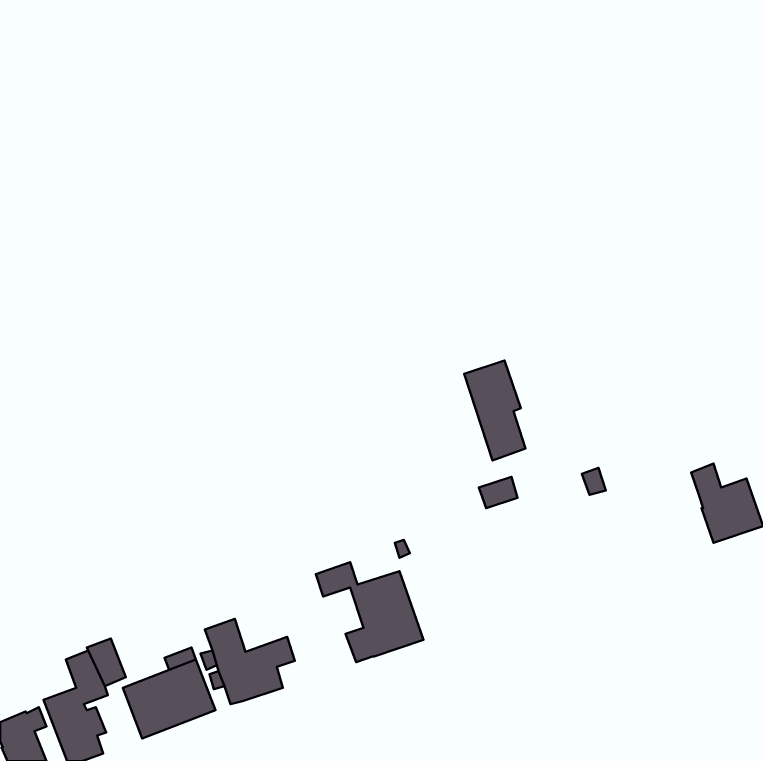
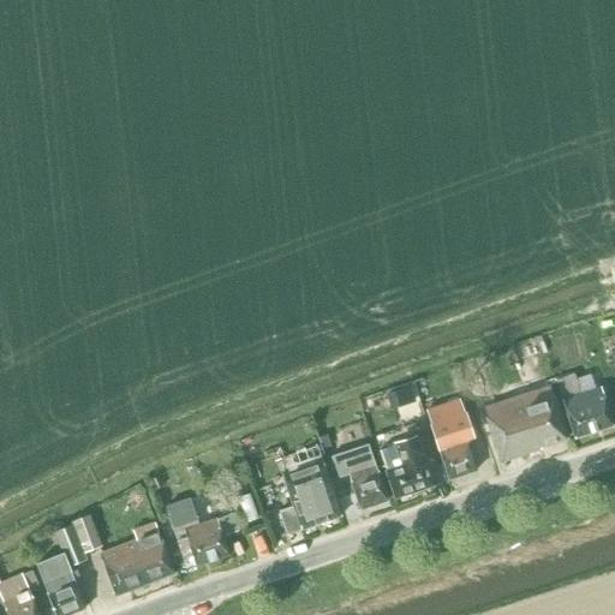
building: [464,360,525,461] -> [426,398,476,478]
building: none -> [483,384,567,460]
building: none -> [380,436,432,496]
building: none -> [332,442,388,508]

